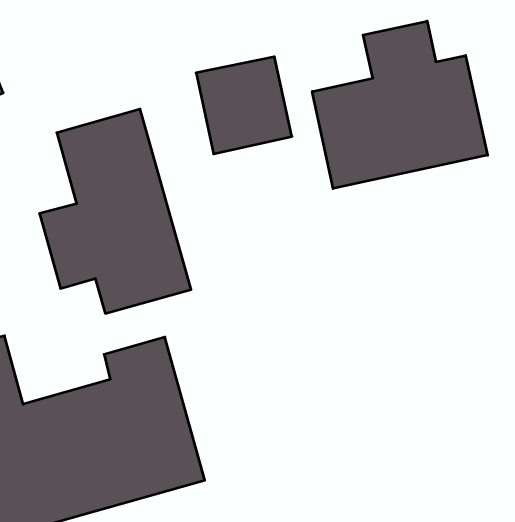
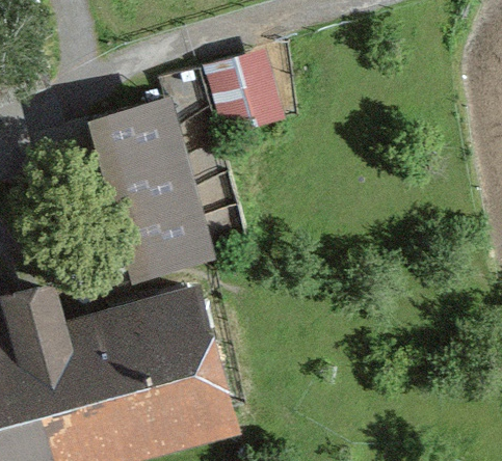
building: [312,21,488,189] -> none

